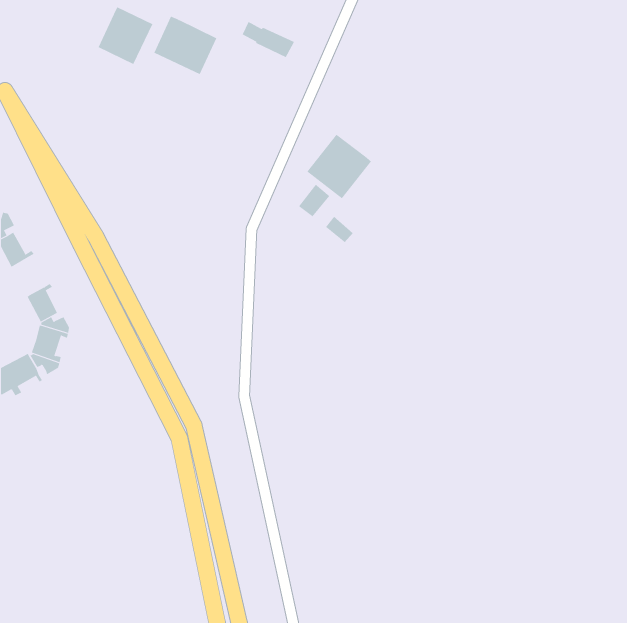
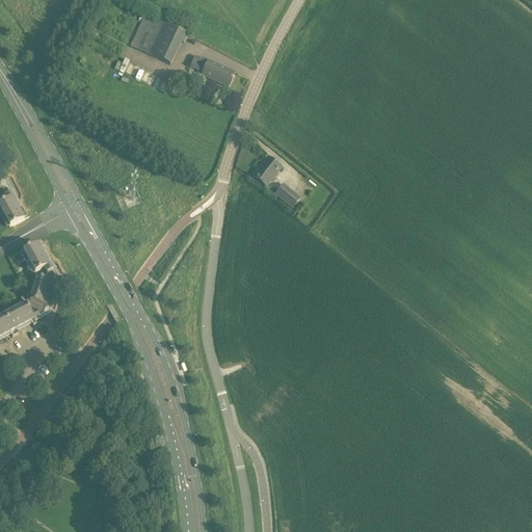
building: [98,7,153,65] -> none
building: [242,21,295,58] -> [190,54,235,85]
building: [307,134,372,199] -> none

